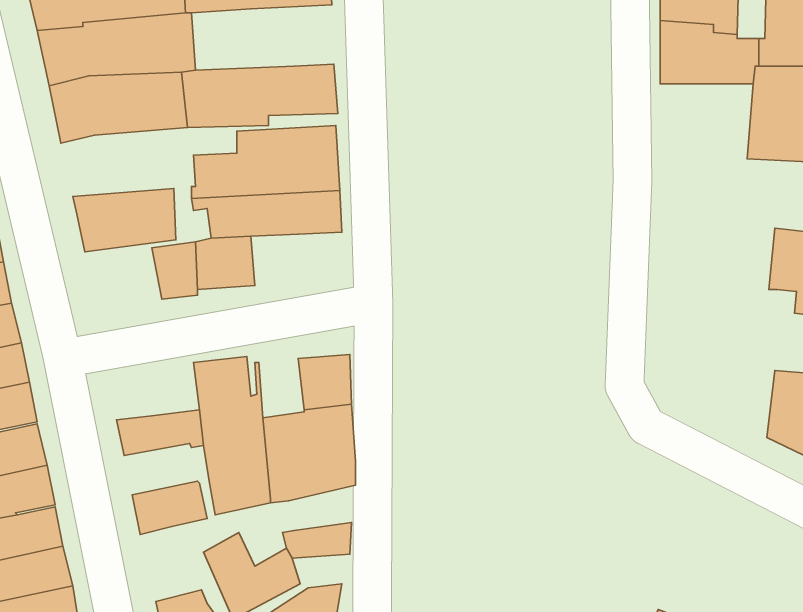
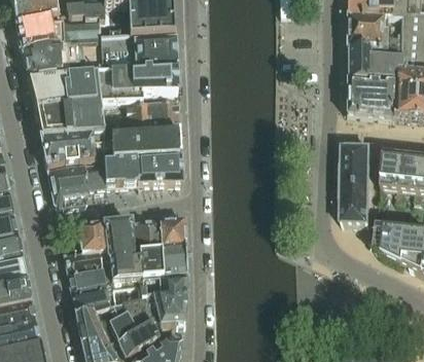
building: none -> [103,39,177,71]
building: none -> [347,78,395,117]
building: none -> [35,101,105,137]
building: none -> [343,146,372,223]
building: none -> [383,151,408,196]
building: none -> [134,155,182,183]
building: none -> [47,164,89,207]
building: none -> [138,221,162,252]
building: none -> [78,223,107,251]
building: none -> [377,225,407,262]
building: none -> [68,265,112,292]
building: none -> [153,287,188,311]
building: none -> [76,309,108,348]

